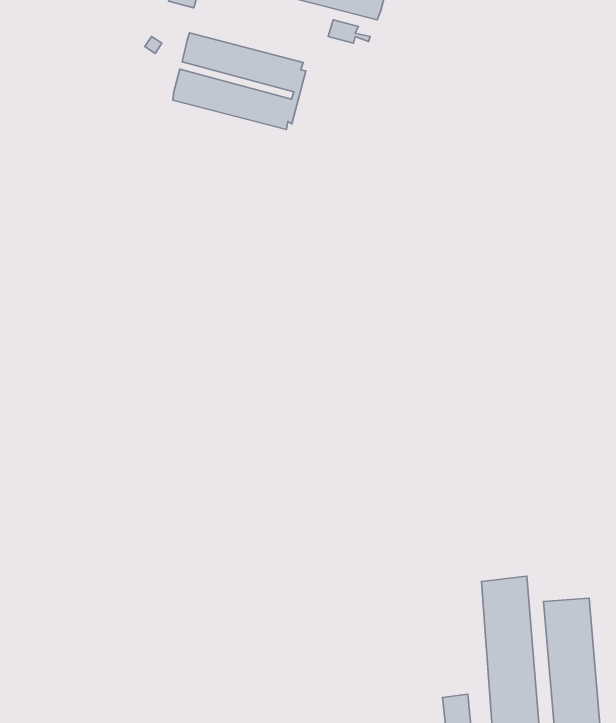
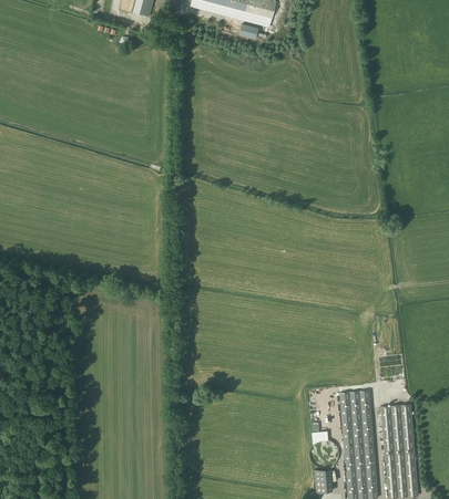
building: [173,33,306,130] -> none

